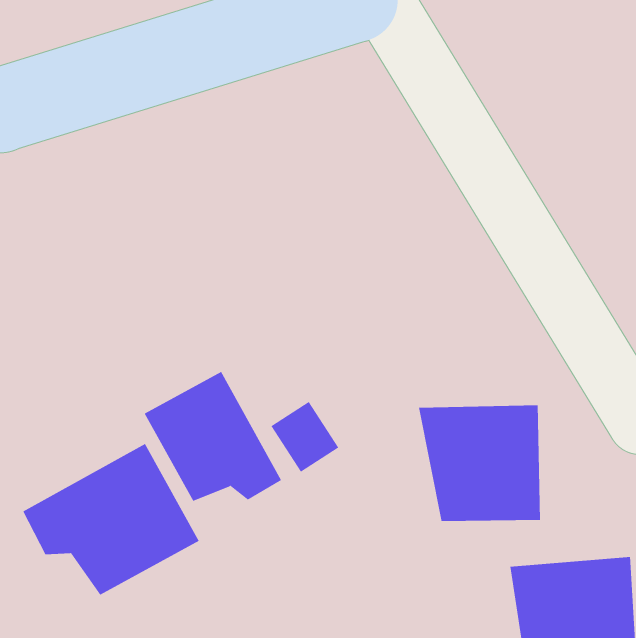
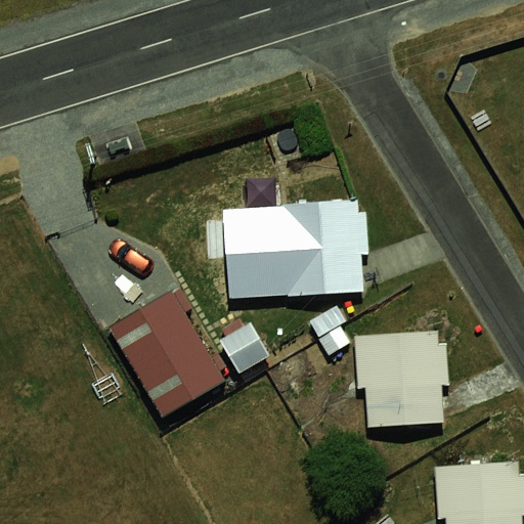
building: none -> [254,202,359,296]
building: [22,443,199,596] -> none

